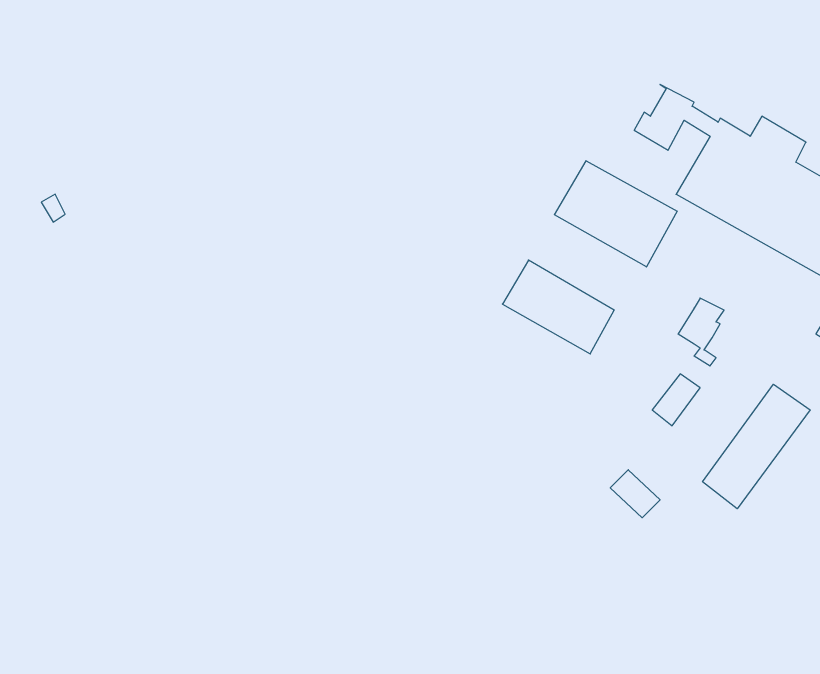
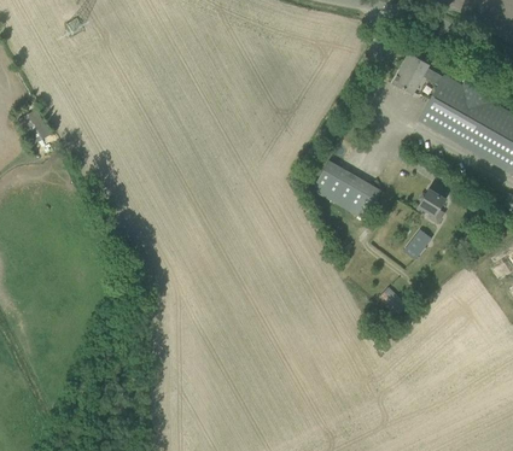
building: [554,161,677,267] -> none
building: [703,384,810,509] -> none

